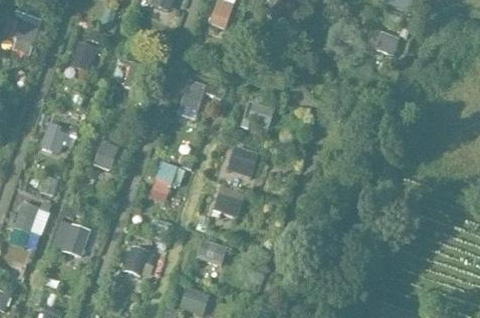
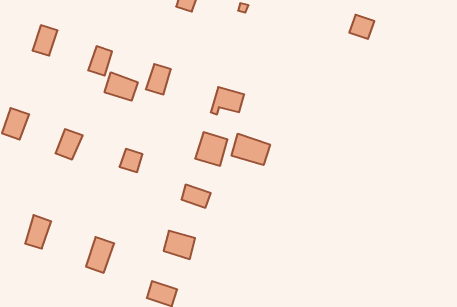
building: none -> [105,72,138,101]
building: none -> [232,134,270,165]

